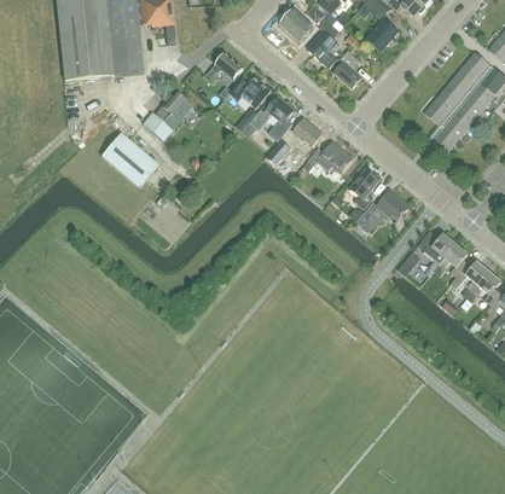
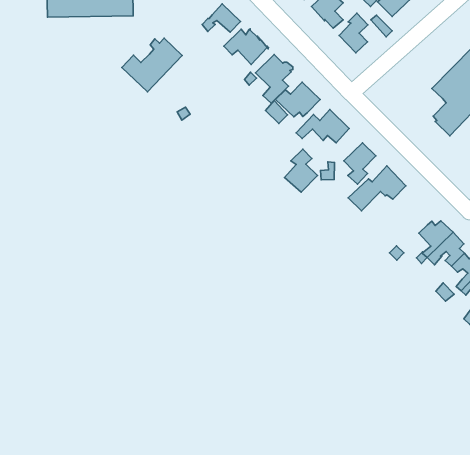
building: [101,132,158,186] -> none
building: none -> [284,149,317,192]

